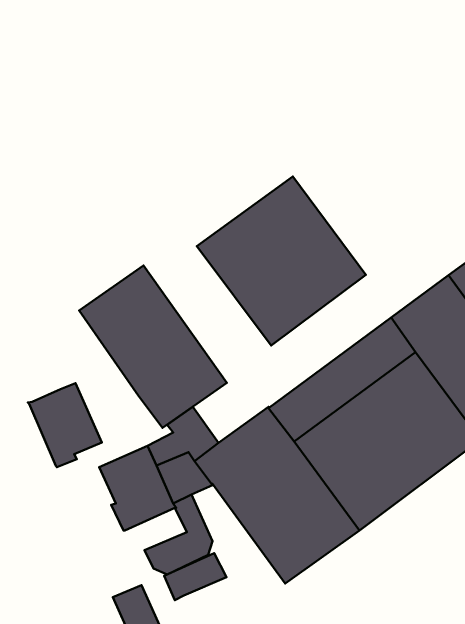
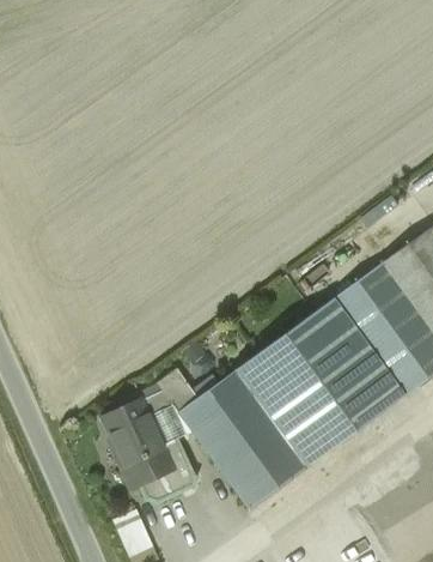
building: [197,176,366,345] -> none
building: [79,265,227,428] -> none
building: [28,383,102,467] -> none
building: [164,553,226,600] -> [123,449,172,487]

